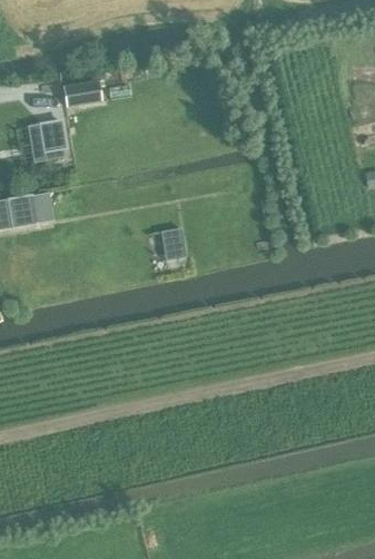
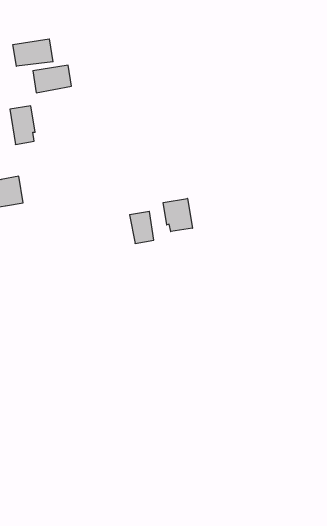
building: none -> [13,39,53,66]
building: none -> [163,198,192,232]

